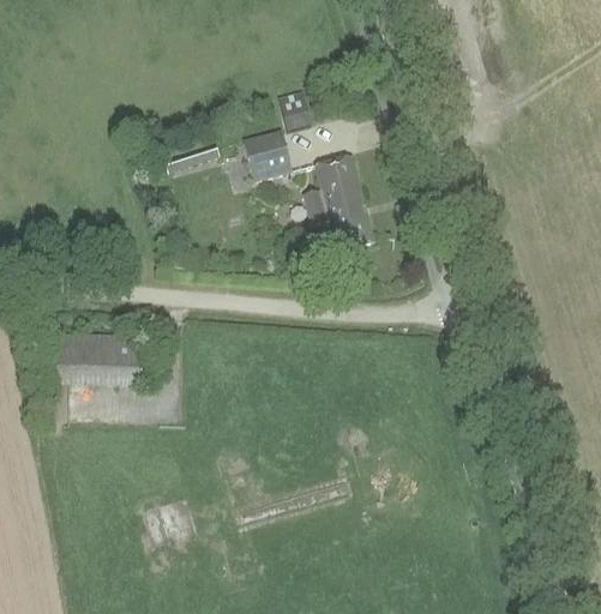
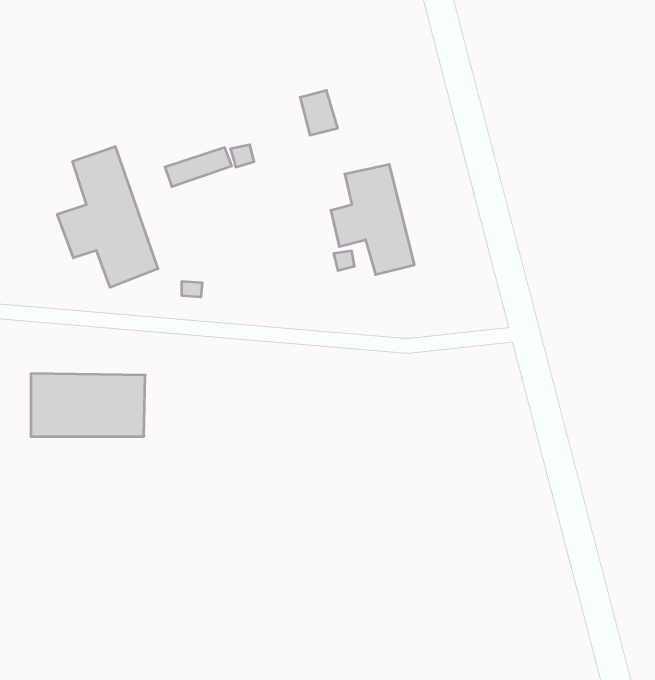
building: [241,132,292,182] -> none
building: none -> [57,146,158,287]

